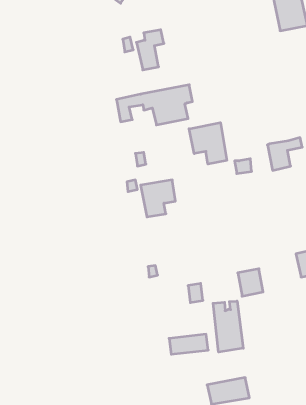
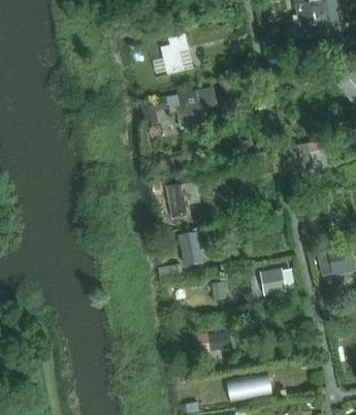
building: [189,123,227,164] -> none
building: none -> [179,231,202,264]
building: [213,301,243,352] -> none

